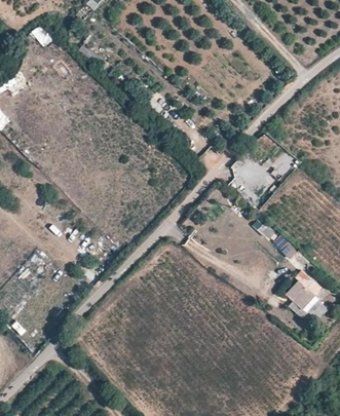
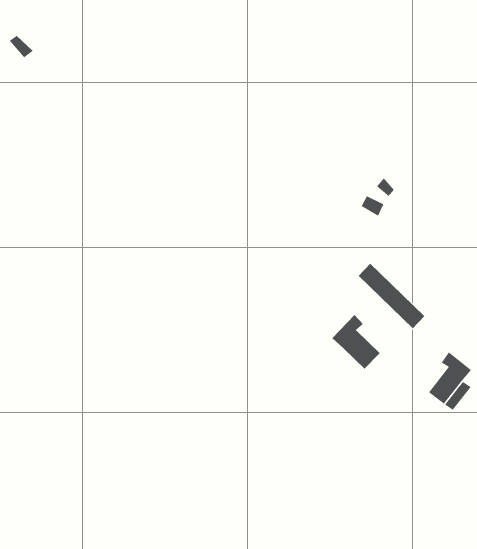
building: none -> [331,314,381,369]

